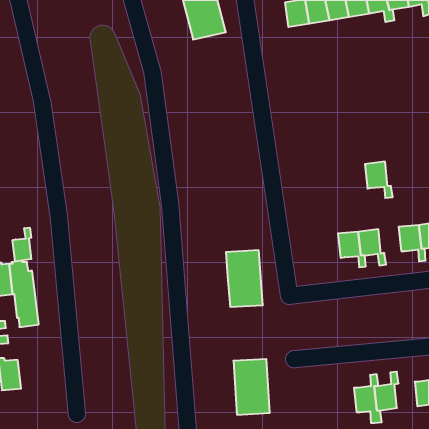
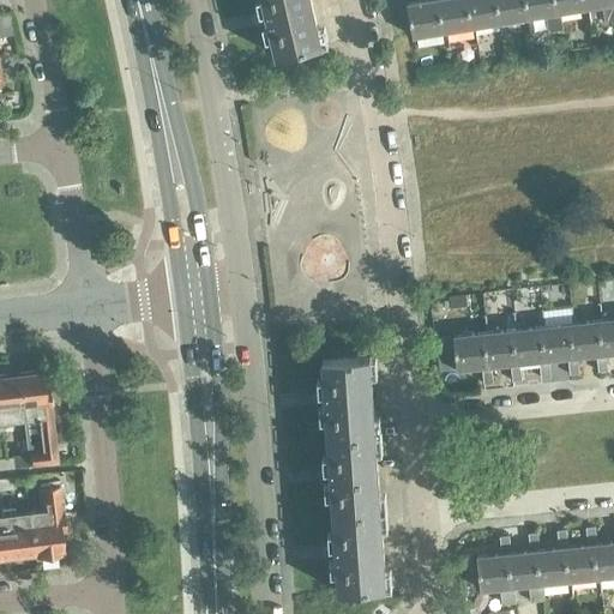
building: [365,162,393,198] -> [538,325,578,377]
building: [13,228,31,261] -> none
building: none -> [452,335,492,386]
building: none -> [327,437,379,516]
building: none -> [25,488,64,560]
building: none -> [561,529,595,583]
building: none -> [475,537,514,608]

